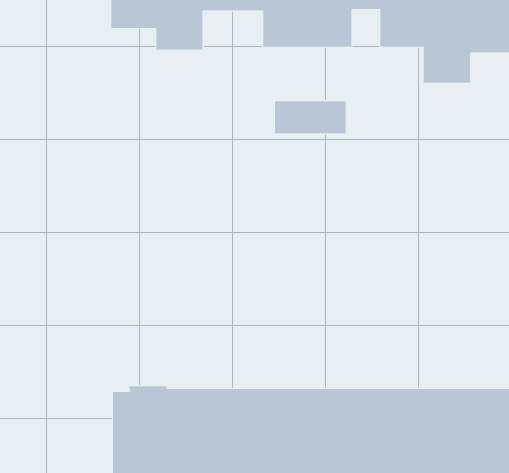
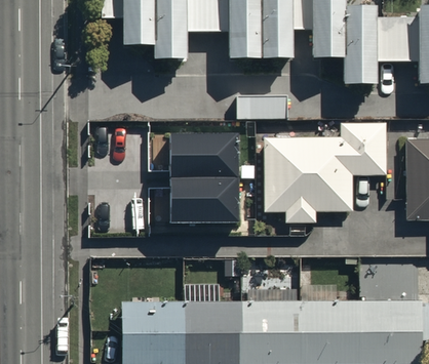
building: none -> [265,123,386,224]
building: none -> [168,132,236,221]

